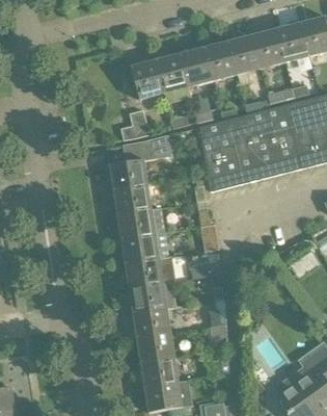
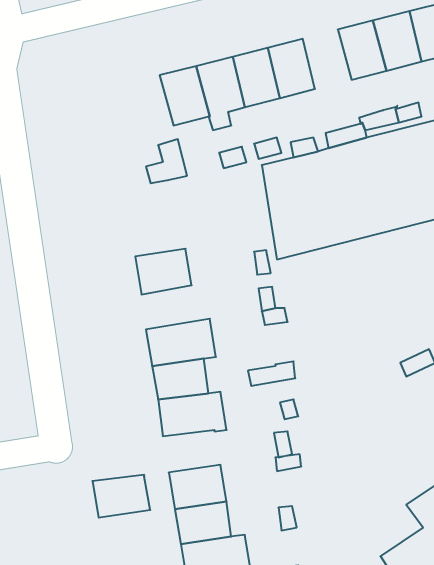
building: [227,34,261,84] -> none
building: [109,135,171,189] -> none
building: [117,208,164,239] -> none
building: [132,308,171,337] -> [92,475,150,518]

